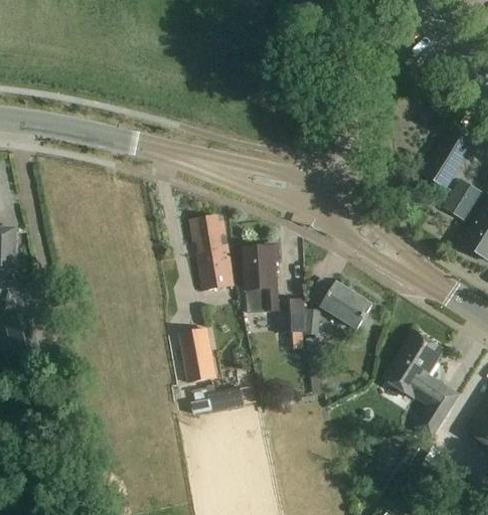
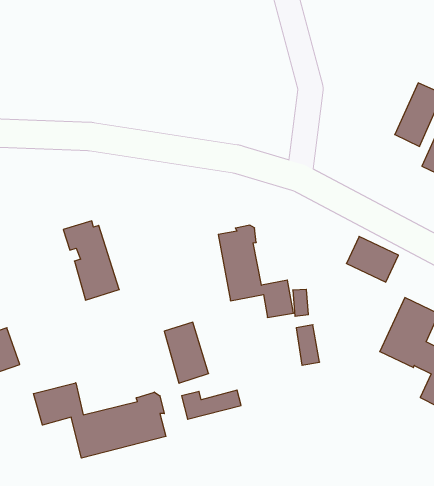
building: [188,215,234,290] -> [63,221,119,300]
building: [322,282,372,328] -> [346,236,398,282]
building: none -> [33,383,166,458]

